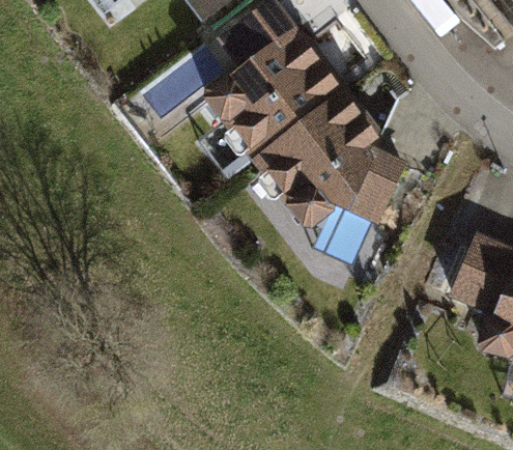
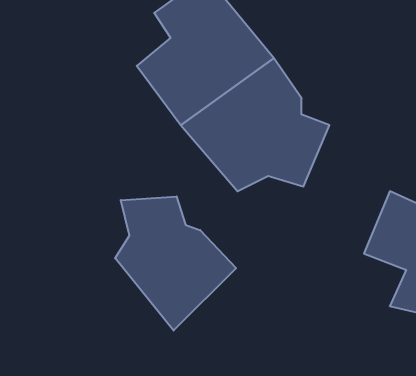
building: none -> [115,196,236,331]

